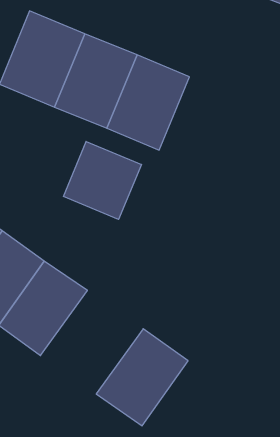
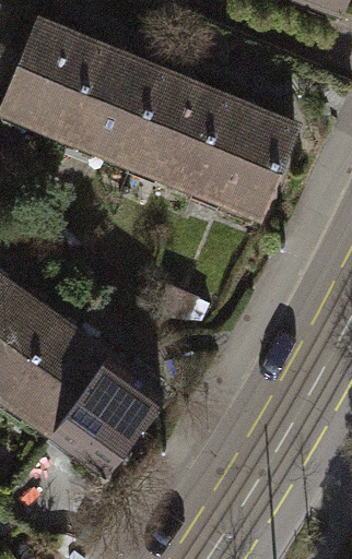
building: none -> [192,102,294,215]
building: [63,141,141,219] -> none
building: [96,329,188,426] -> [51,356,161,472]

